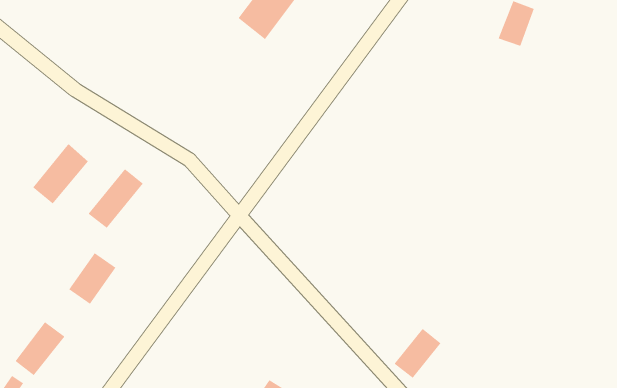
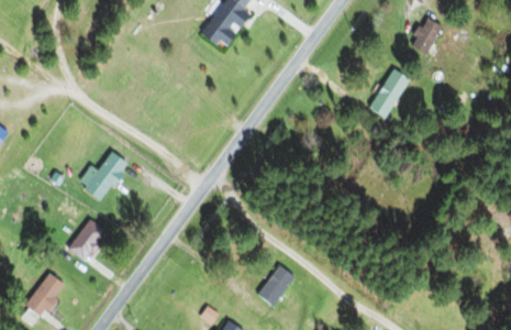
building: none -> [368,67,410,119]
building: [32,143,89,204] -> none
building: [393,328,442,379] -> [257,265,296,306]

